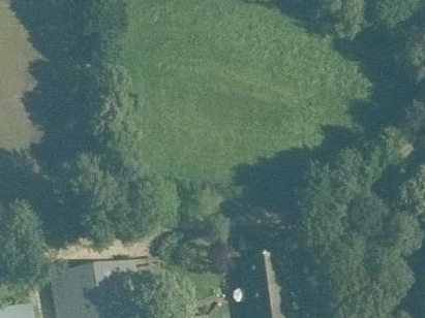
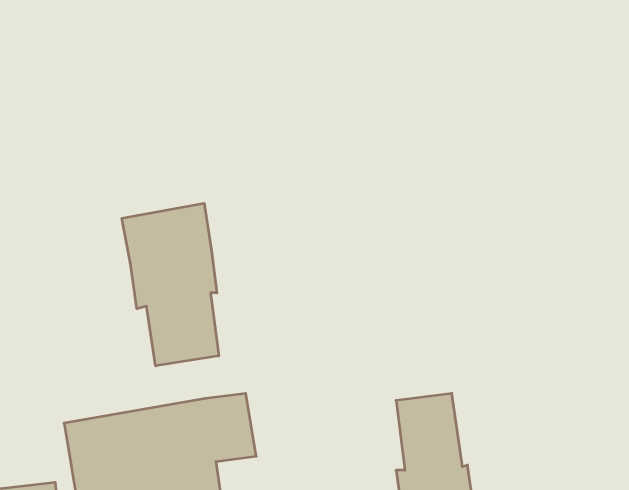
building: none -> [122,203,219,366]

